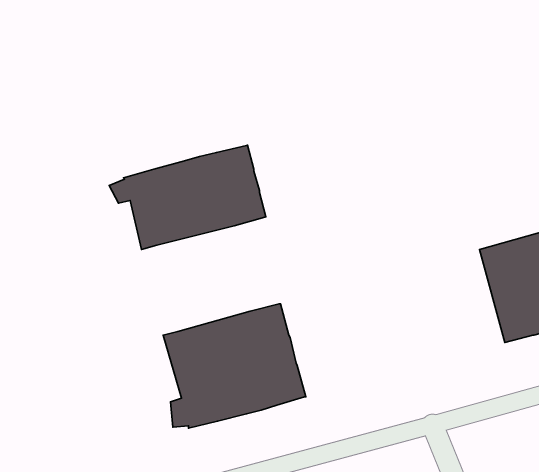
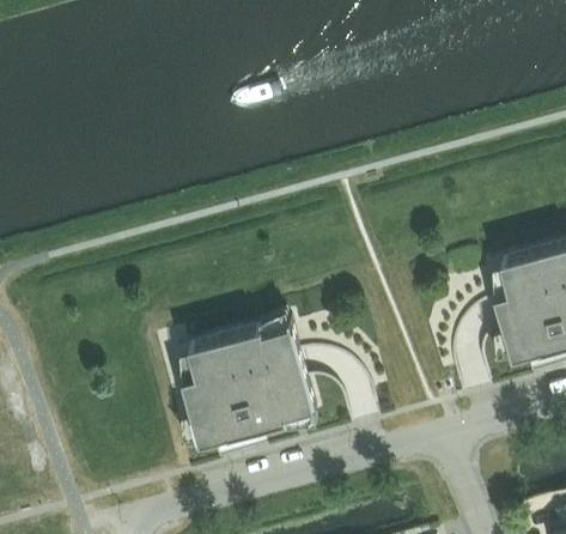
building: [109,145,266,250] -> none

